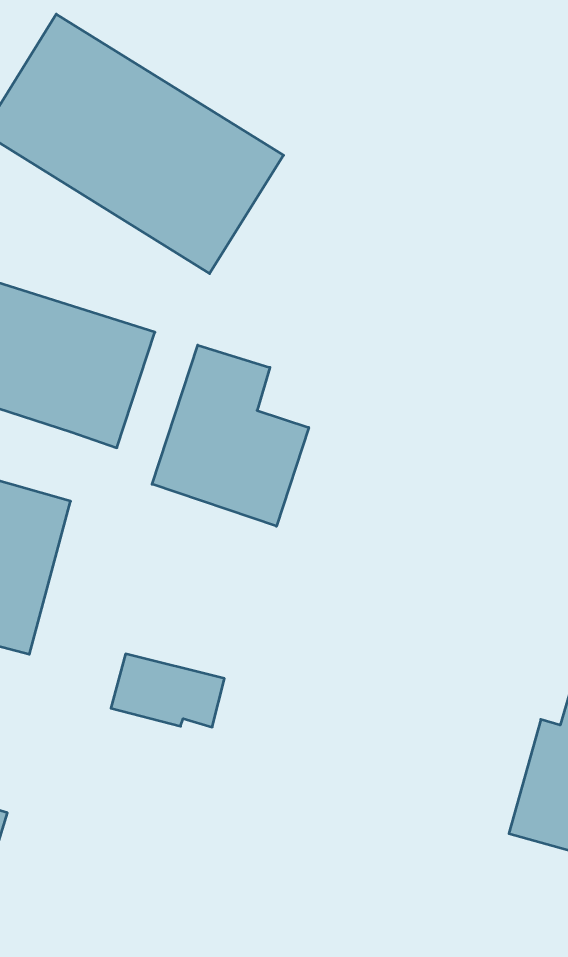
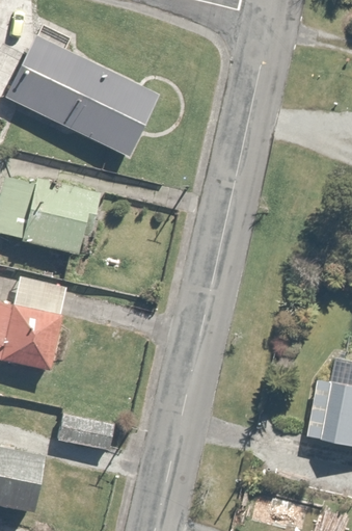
building: [152,345,309,526] -> none
building: [111,654,224,727] -> [54,413,112,448]

